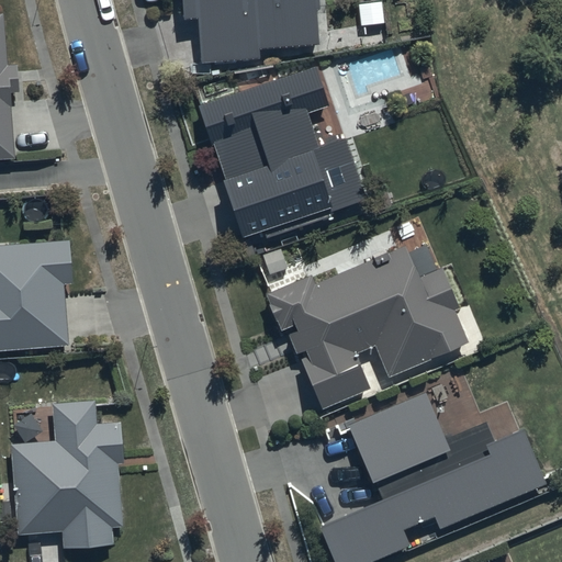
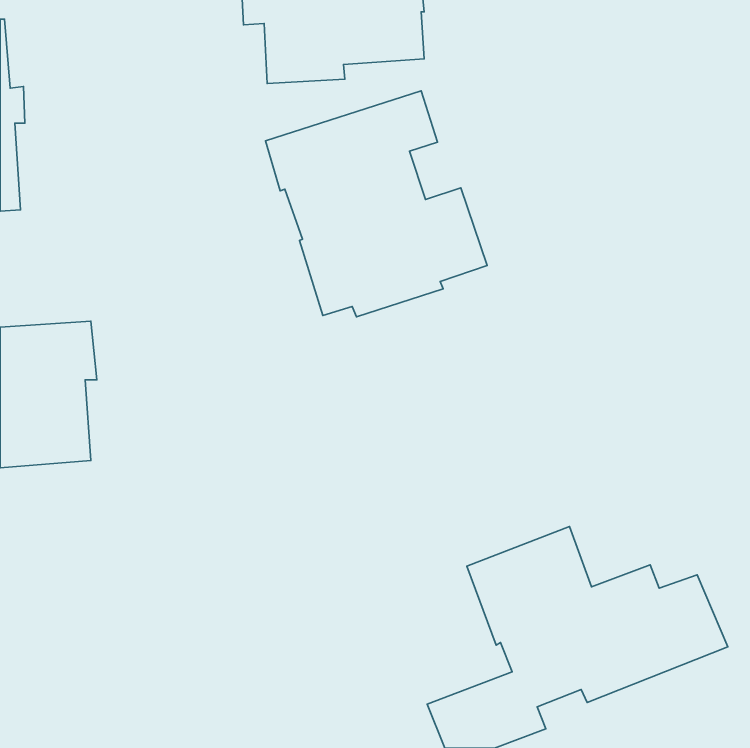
building: [267,246,467,407] -> none
building: [14,402,122,547] -> none

